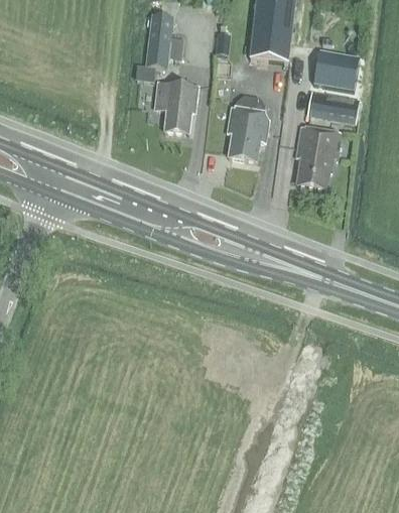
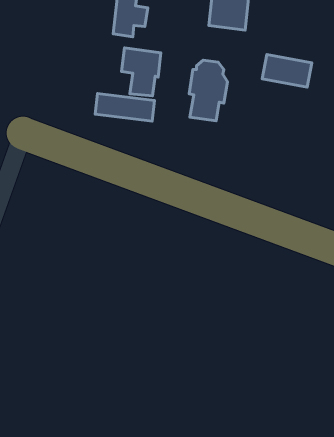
building: [312,48,359,89] -> none
building: [296,125,343,188] -> none
building: none -> [95,94,154,121]

